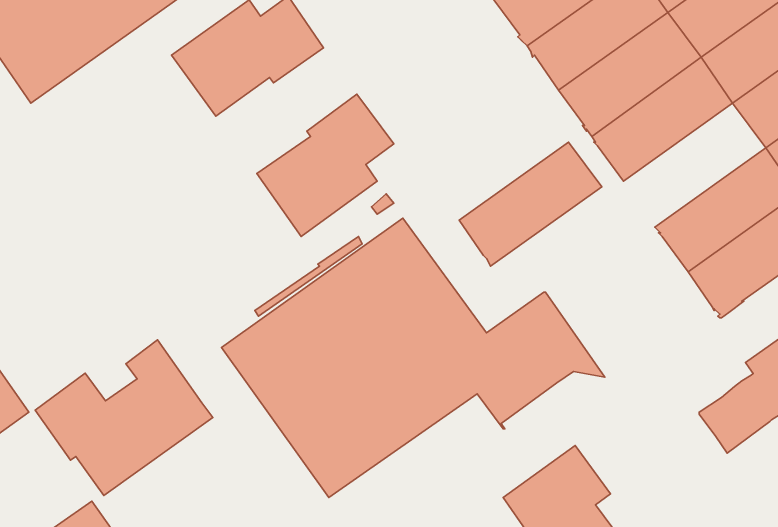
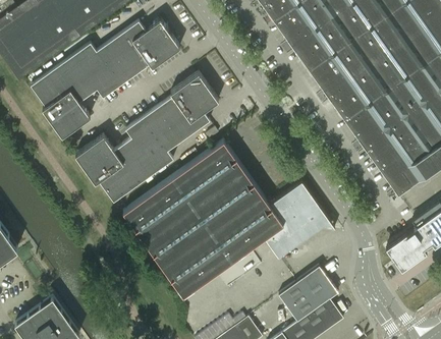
building: none -> [31,44,121,137]
building: [459,142,602,266] -> [345,78,424,147]
building: [35,340,213,495] -> [76,117,174,203]

